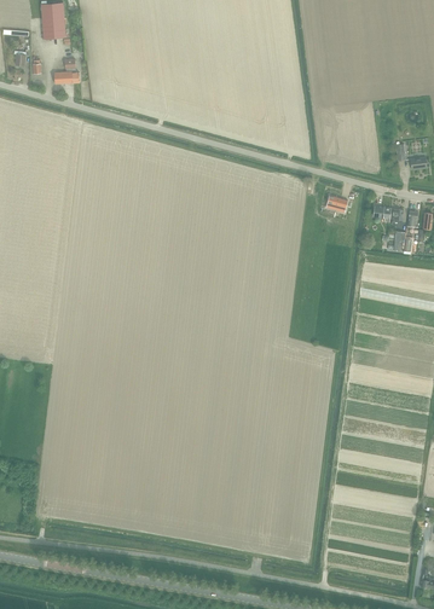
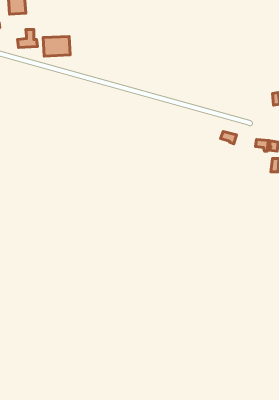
building: none -> [43,36,70,56]

